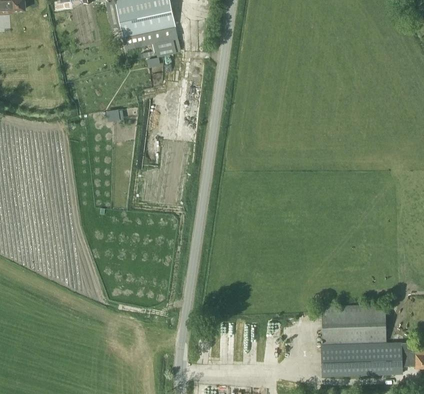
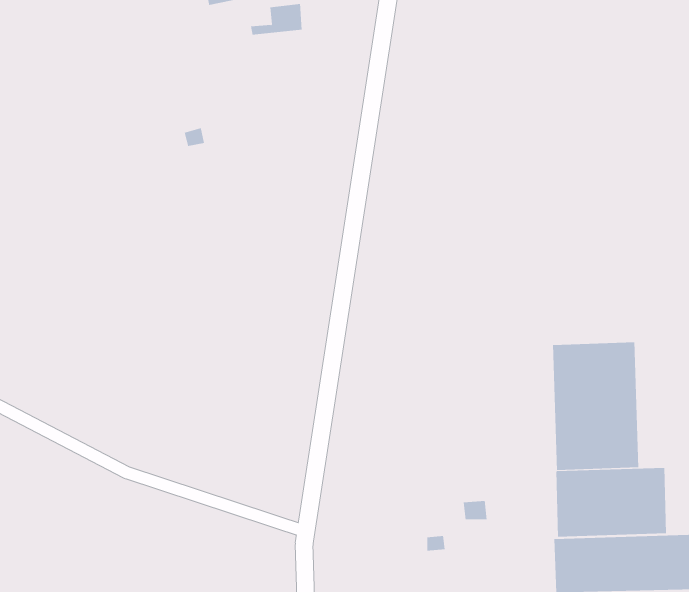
building: none -> [552,341,639,471]

